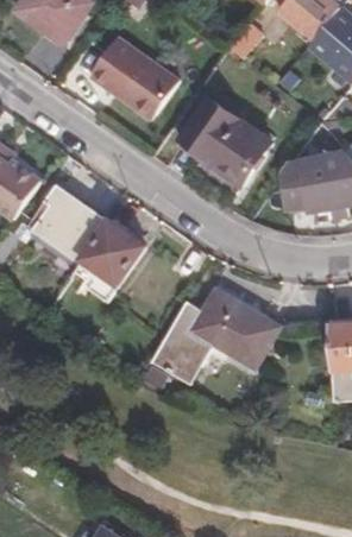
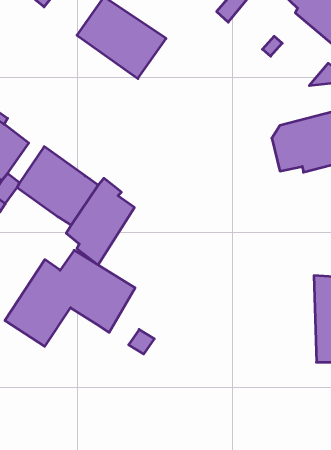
building: [181,99,272,187] -> none
building: [151,289,283,386] -> [5,250,135,346]

